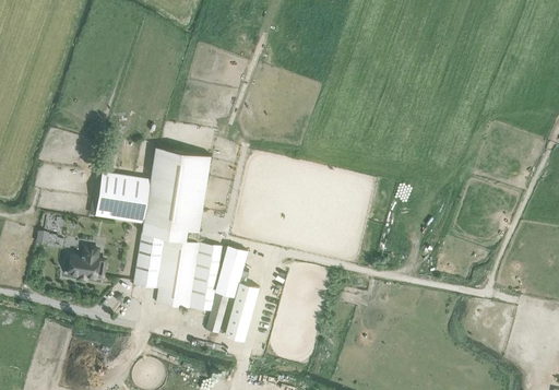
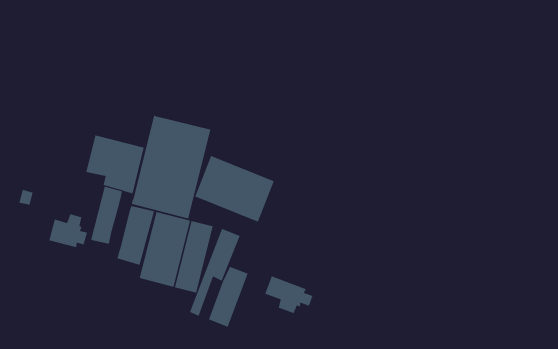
building: none -> [194,155,274,222]
building: none -> [91,186,122,245]
building: none -> [264,276,313,314]

